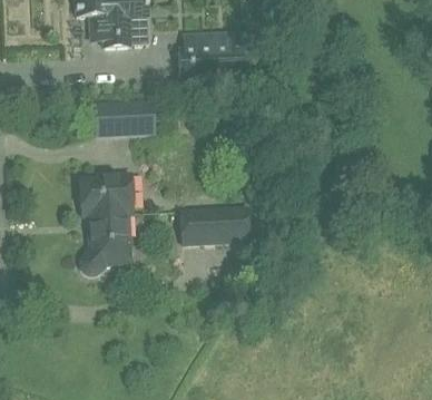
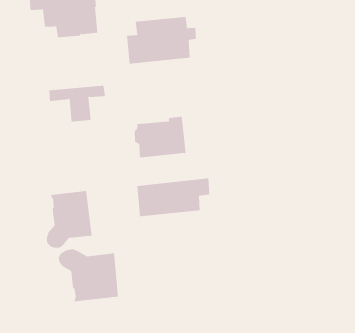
building: [78,173,134,215] -> [134,116,187,158]
building: none -> [58,249,119,302]

